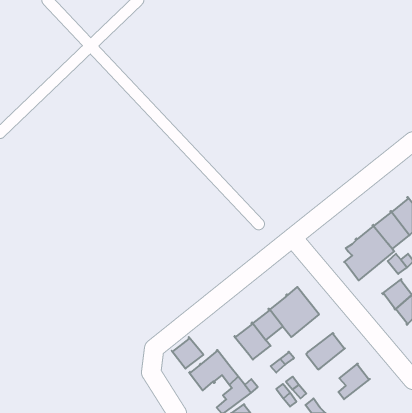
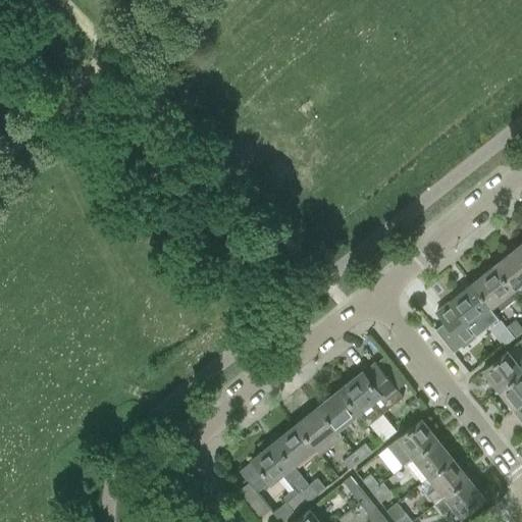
building: [172,337,203,369] -> [275,424,315,464]
building: none -> [406,439,452,483]
building: none -> [435,478,483,517]

